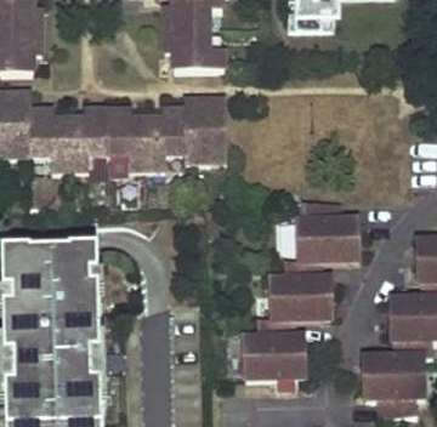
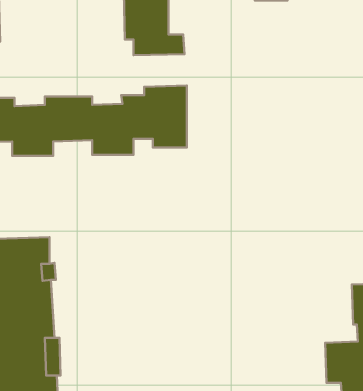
building: [244,201,357,391] -> none

